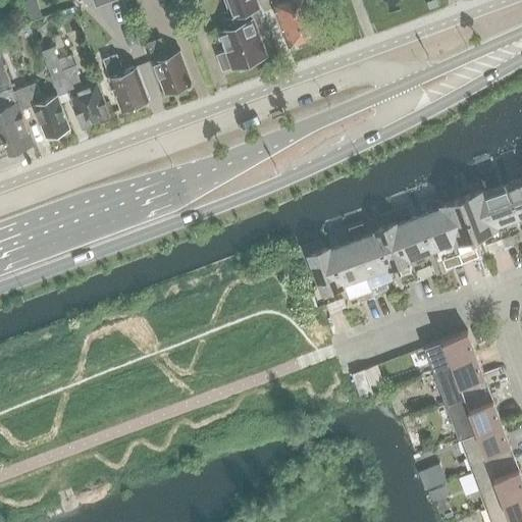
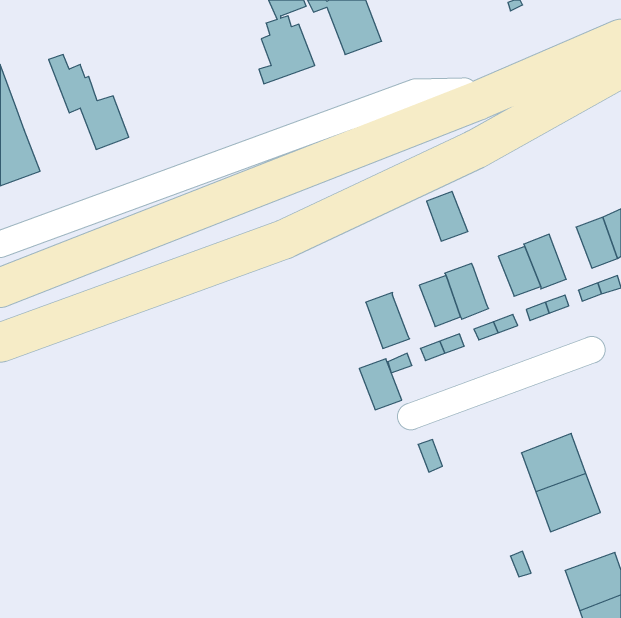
building: [146,39,192,95] -> none
building: [102,55,147,111] -> none
building: [13,84,69,140] -> none
building: [461,191,497,237] -> none
building: [397,217,431,259] -> [427,191,468,241]
building: [329,242,365,284] -> [359,359,402,410]
building: [424,332,479,382] -> none
building: [462,432,516,481] -> none

